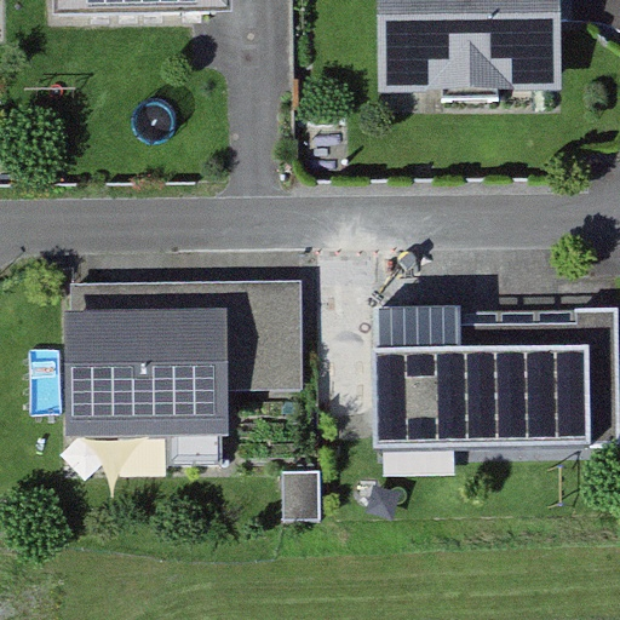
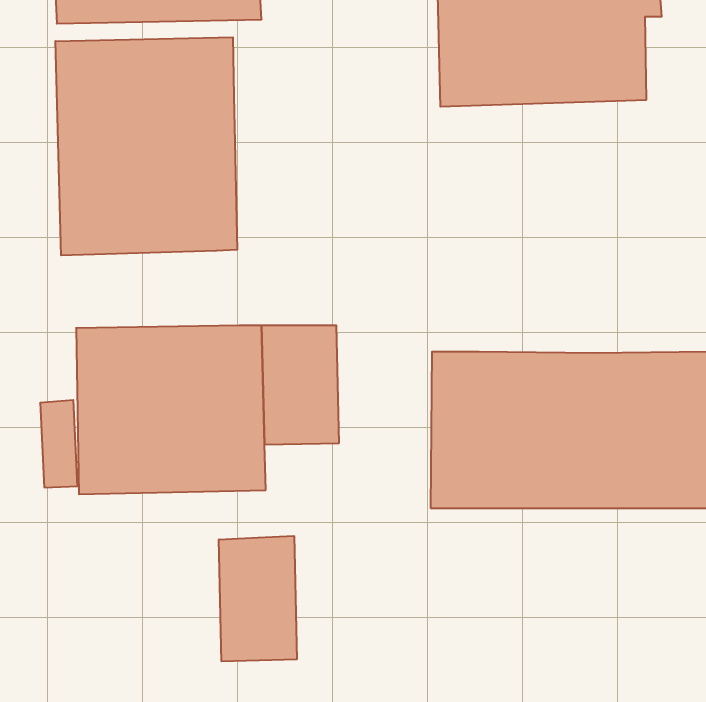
building: none -> [55,37,237,255]
building: none -> [219,536,297,661]

